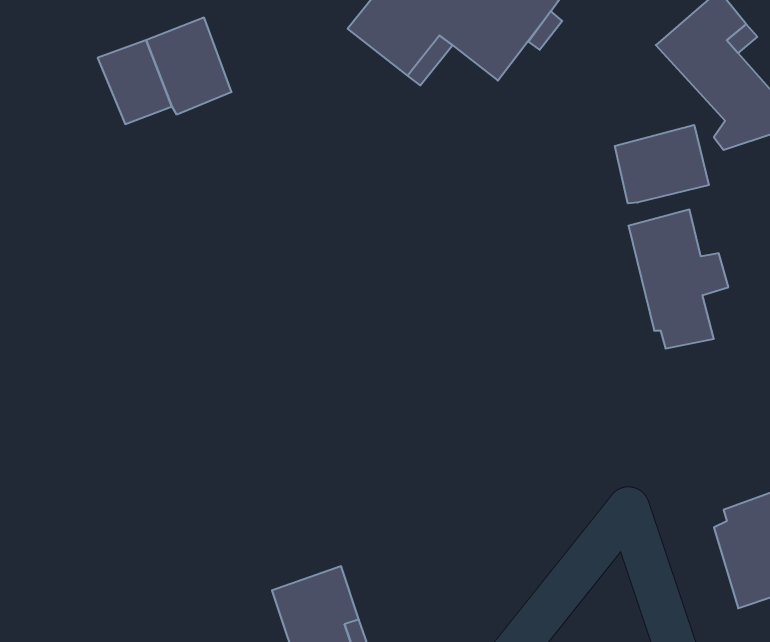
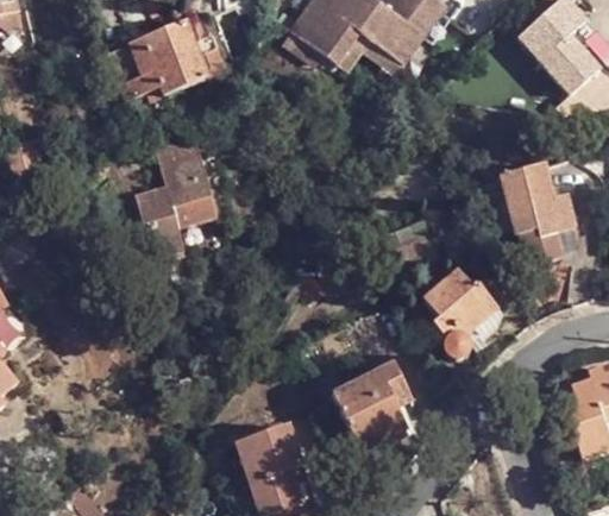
building: [615,125,709,203] -> none
building: none -> [137,137,220,251]
building: none -> [423,270,496,359]
building: none -> [334,366,407,448]

